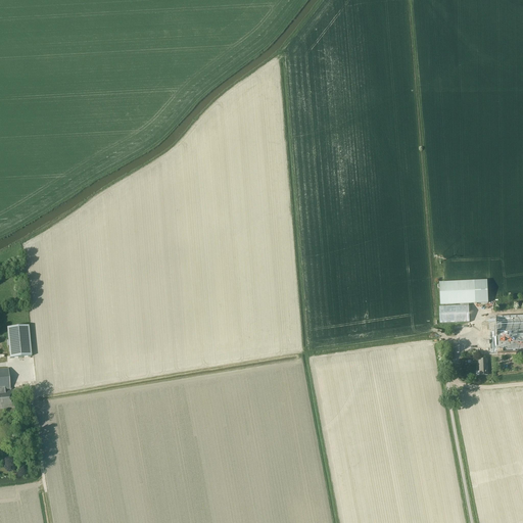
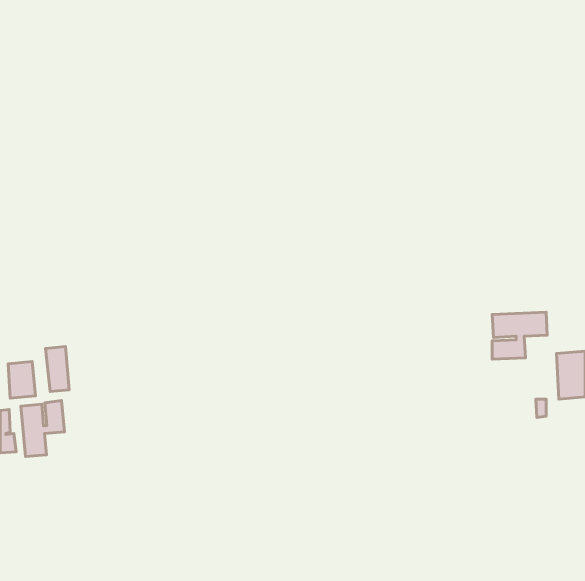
building: none -> [46,347,69,392]
building: none -> [21,401,65,457]

